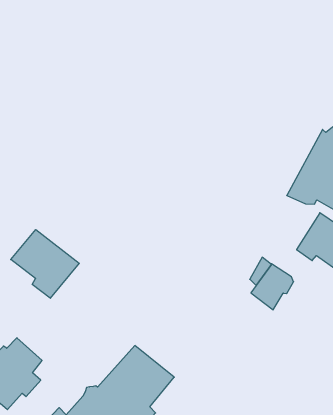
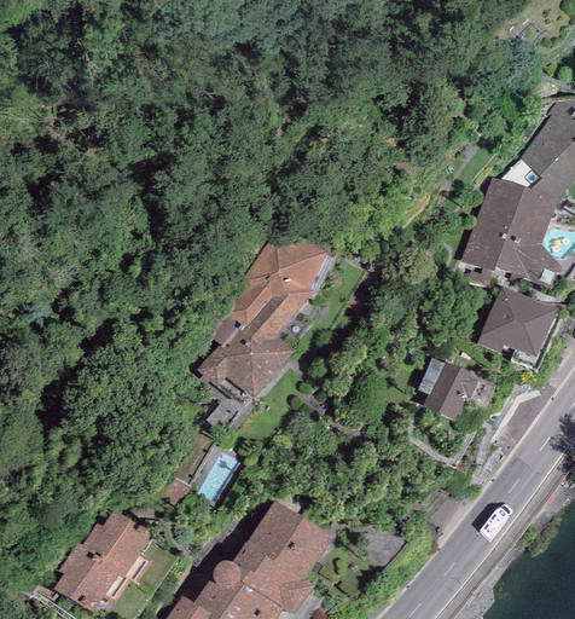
building: none -> [197,230,327,405]
building: [11,230,79,298] -> none

